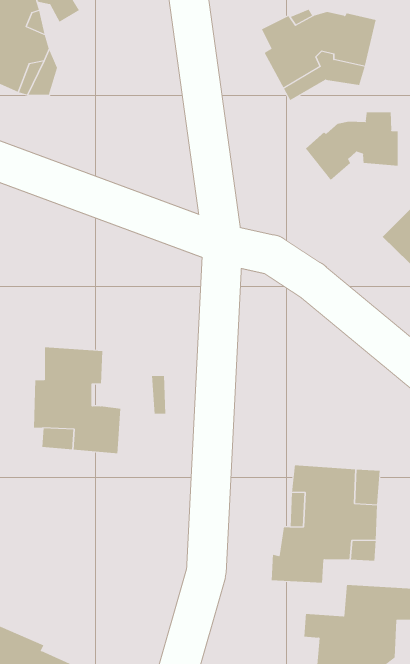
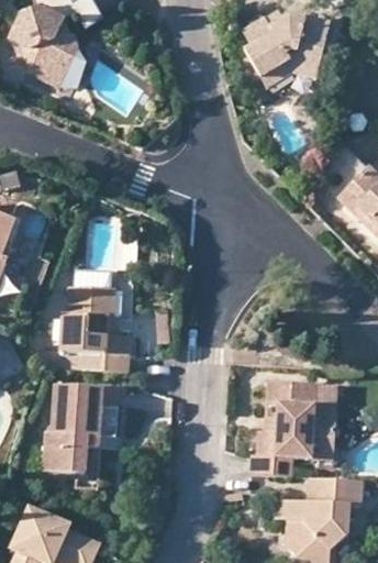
building: [305,111,398,181] -> none
building: none -> [43,384,120,471]

